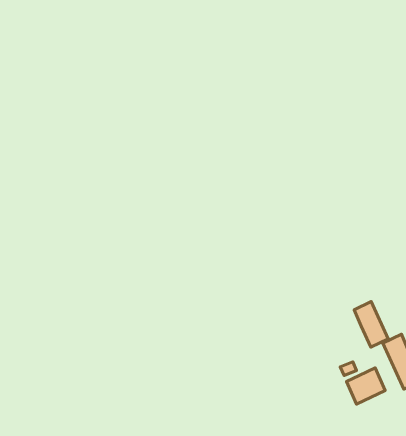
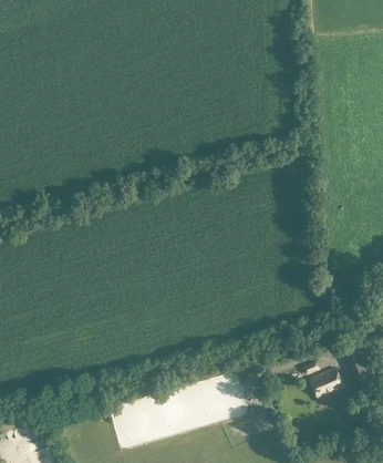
building: [354,301,388,347] -> none

